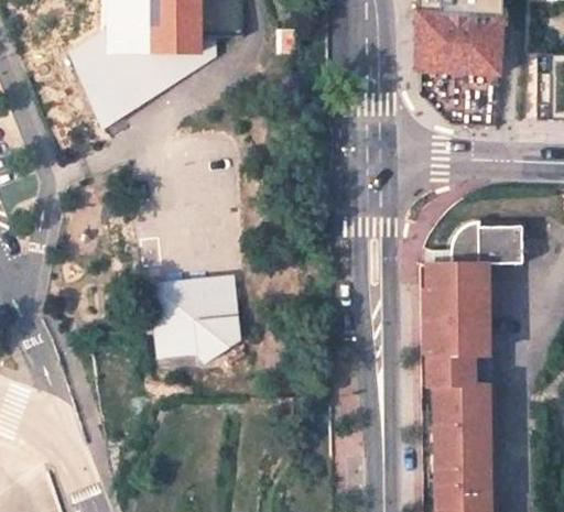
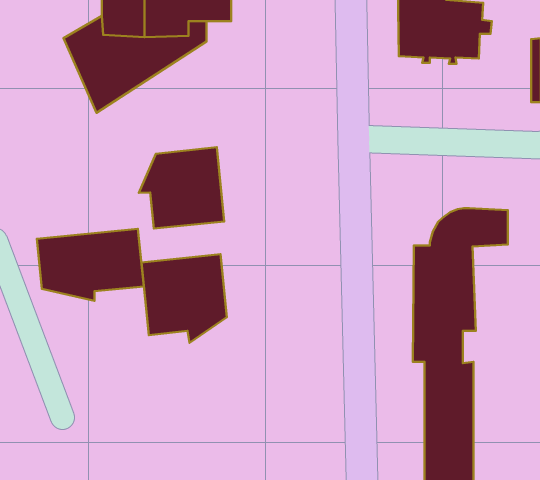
building: none -> [139,147,224,229]
building: none -> [37,229,144,301]

